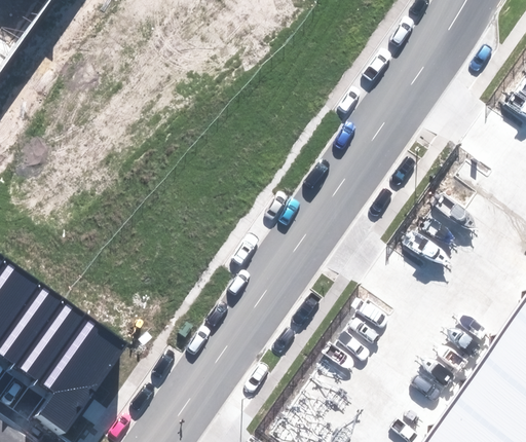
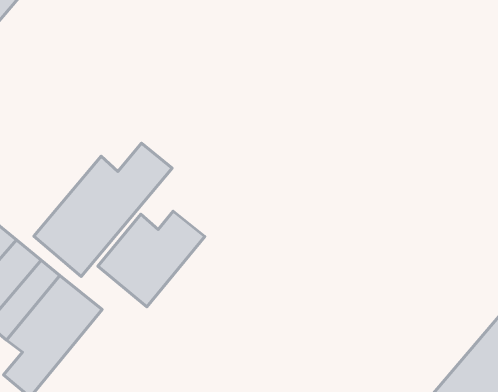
building: none -> [34,143,172,277]
building: none -> [98,211,205,307]

